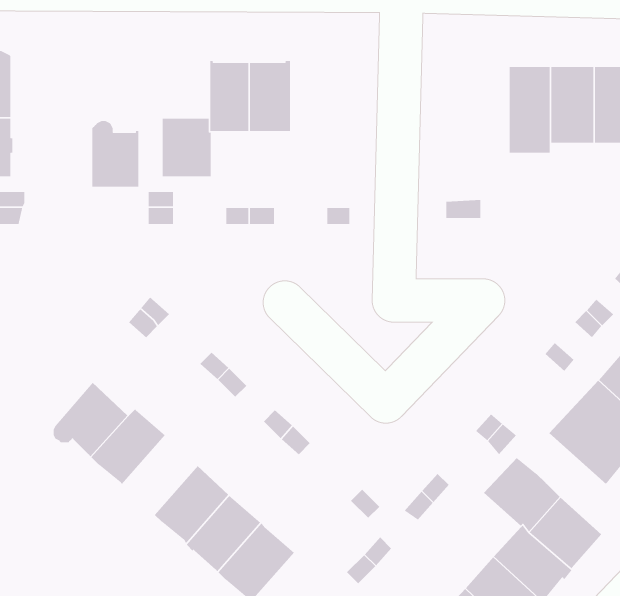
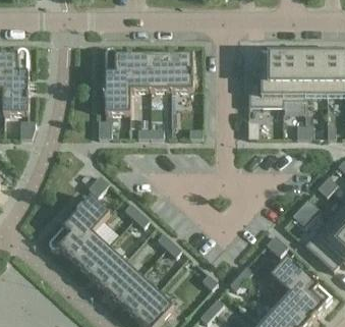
building: none -> [170,51,192,88]
building: none -> [246,54,282,105]
building: [92,120,139,188] -> [104,46,128,80]
building: none -> [68,194,108,233]
building: none -> [83,243,122,284]

